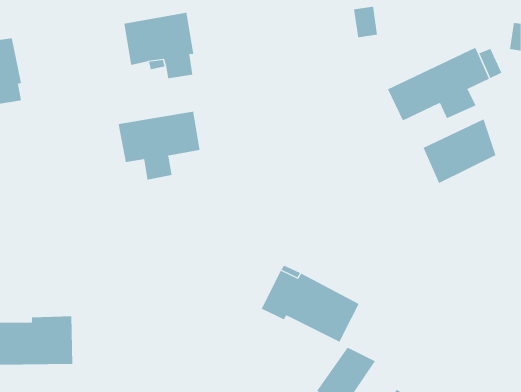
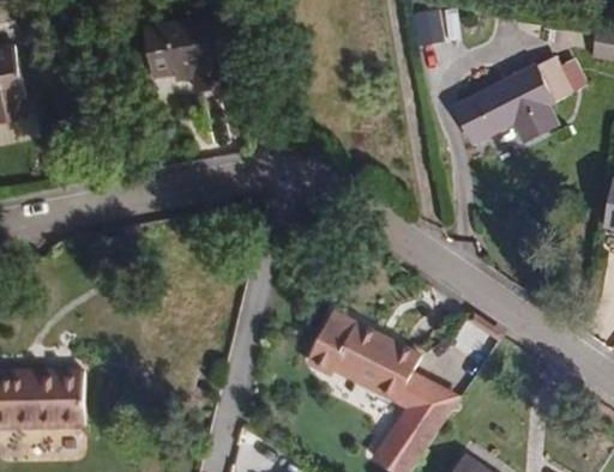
building: [118,111,200,181] -> none
building: [423,118,496,184] -> none
building: none -> [398,373,457,423]

